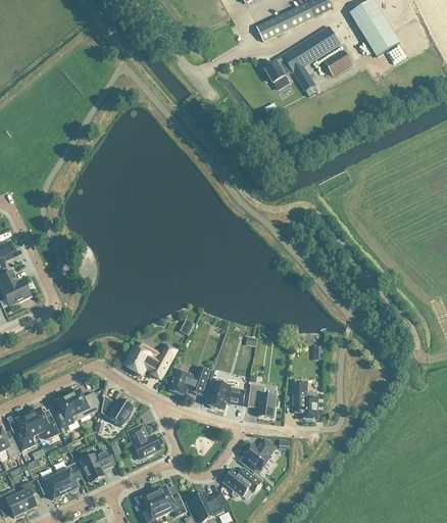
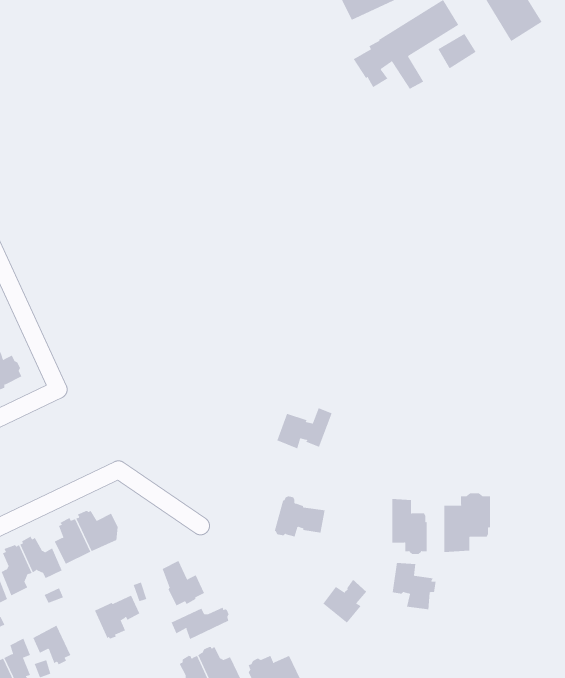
building: [122,343,177,377] -> none
building: [169,365,209,394] -> [276,407,332,449]
building: none -> [444,493,490,553]
building: [247,383,279,417] -> [392,562,436,610]
building: [100,394,132,424] -> none
building: none -> [171,607,229,640]
building: [54,461,82,491] -> none
building: [222,467,263,495] -> none

